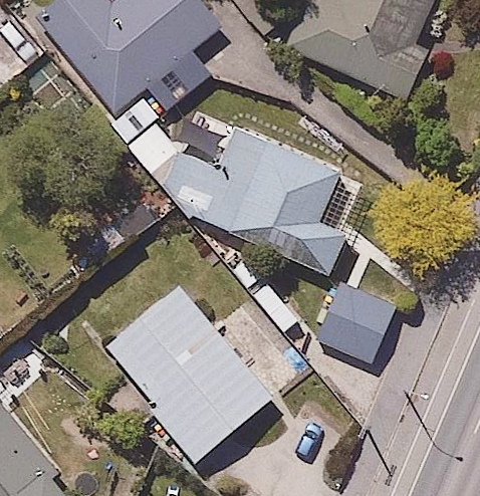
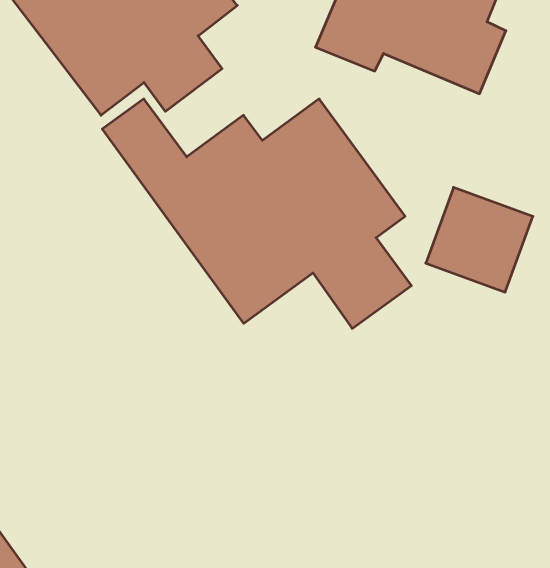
building: [314,276,400,359] -> [426,187,533,292]
building: [99,285,270,463] -> none

